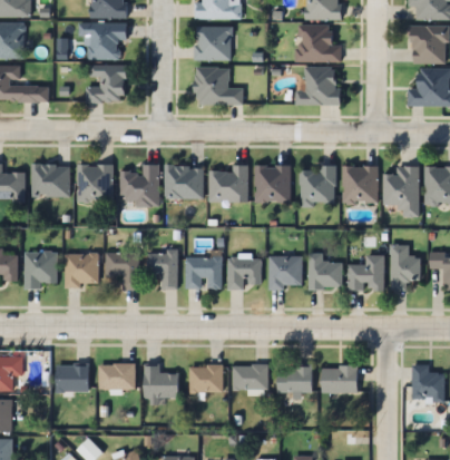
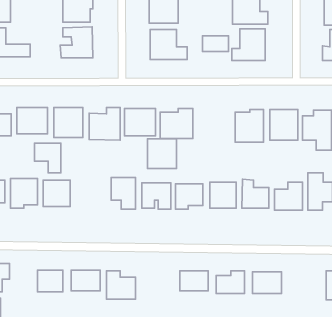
building: none -> [203,36,229,51]
building: [255,165,291,202] -> [148,139,177,169]
building: [106,252,138,288] -> [35,143,61,173]
building: [190,365,223,391] -> none

